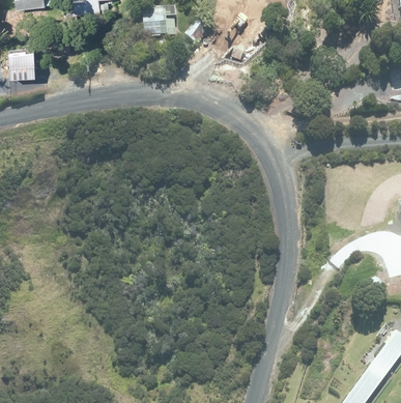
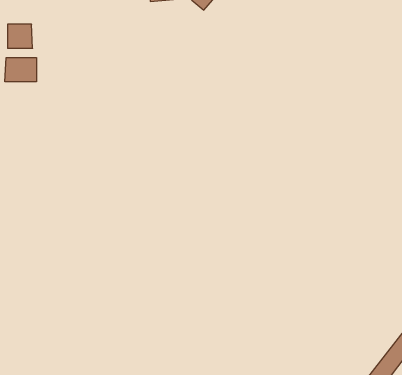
building: none -> [5,58,36,82]

